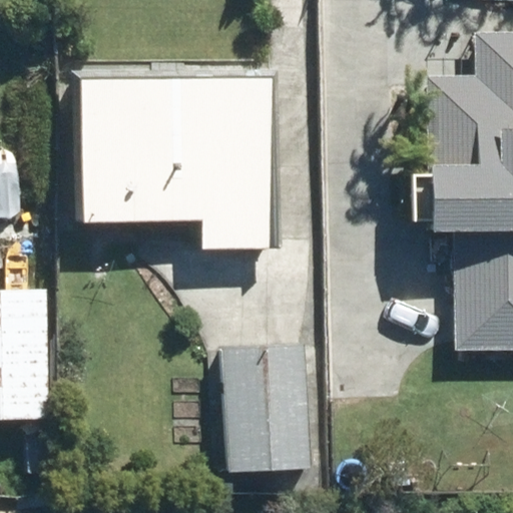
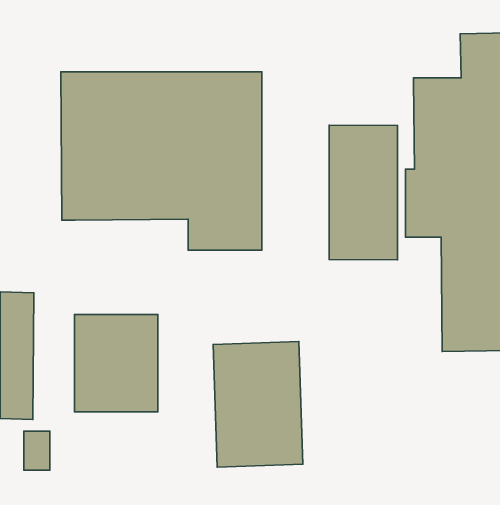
building: none -> [329,125,398,260]
building: none -> [75,314,158,412]

